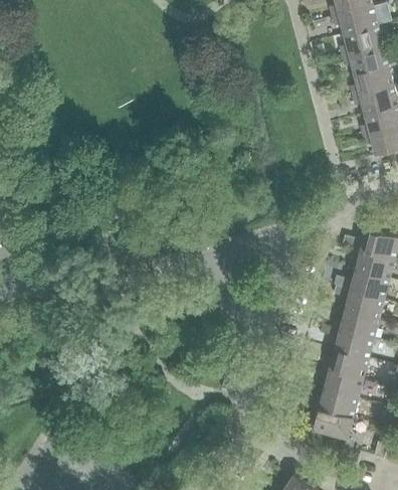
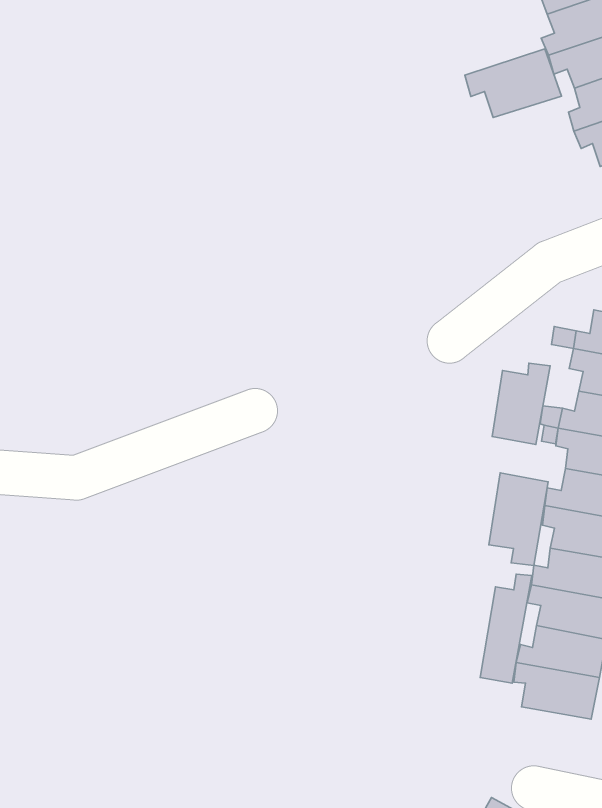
building: none -> [465,49,562,118]
building: none -> [492,363,550,444]
building: none -> [489,473,548,566]
building: none -> [480,574,532,683]

